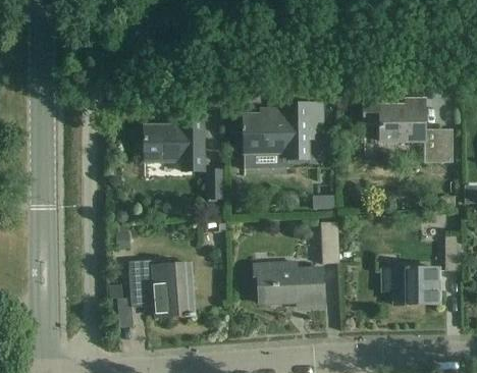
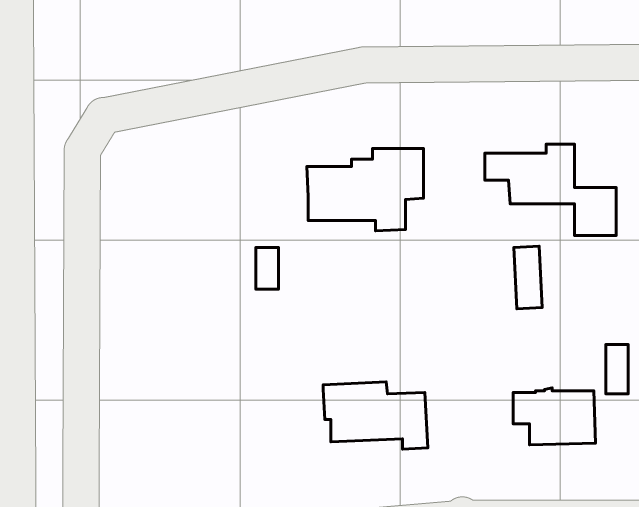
building: [144,118,203,172] -> none
building: [320,221,339,264] -> [514,246,542,309]
building: [128,259,196,317] -> none

